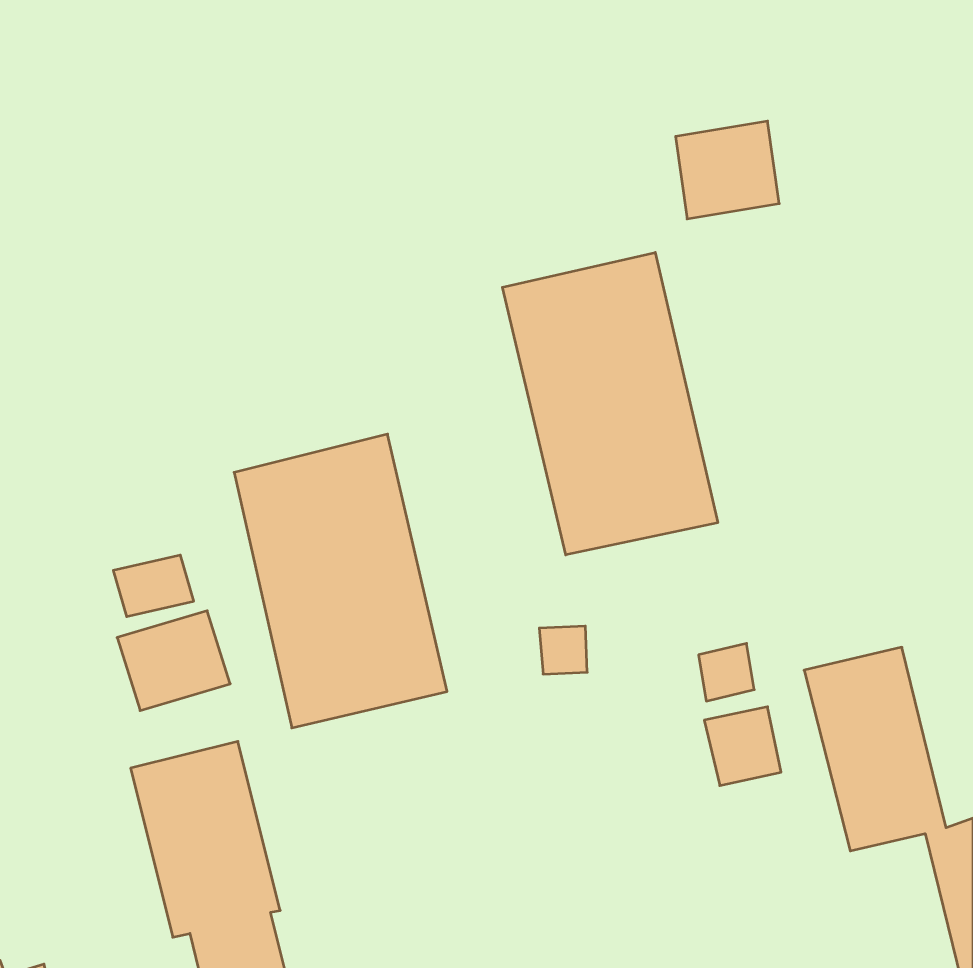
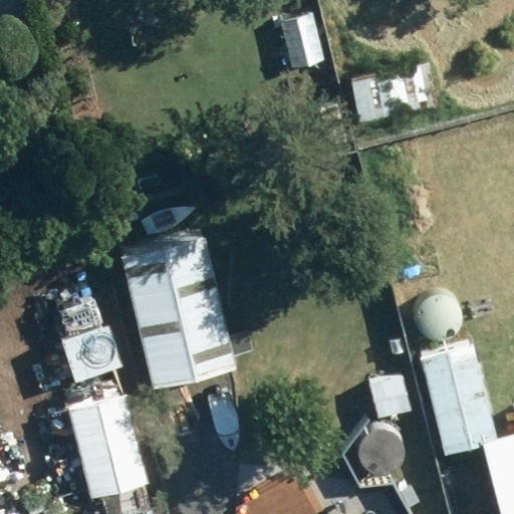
building: [502,252,718,555] -> none

